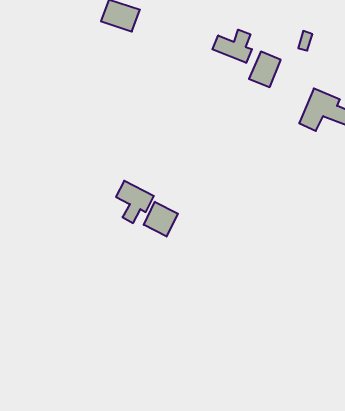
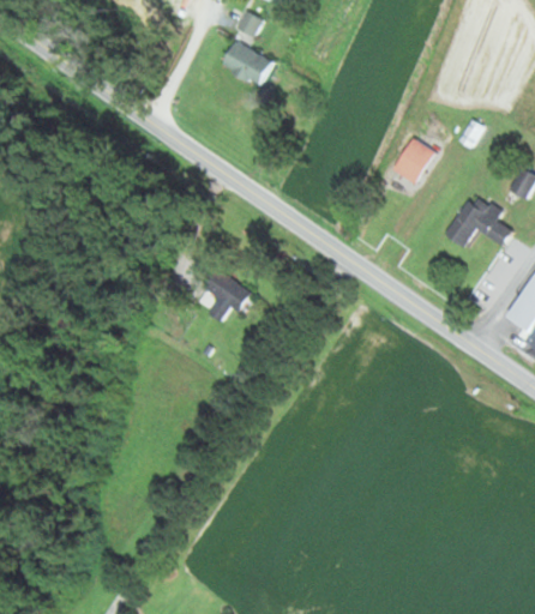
building: [212,30,252,63] -> none
building: [144,202,178,237] -> none

